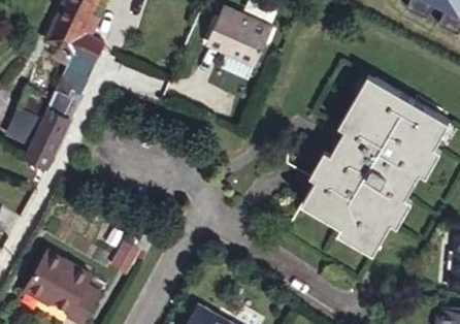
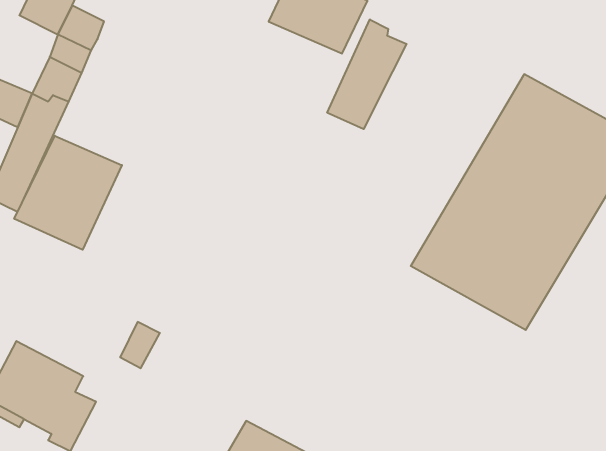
building: none -> [327,19,407,129]
building: none -> [14,136,122,250]

